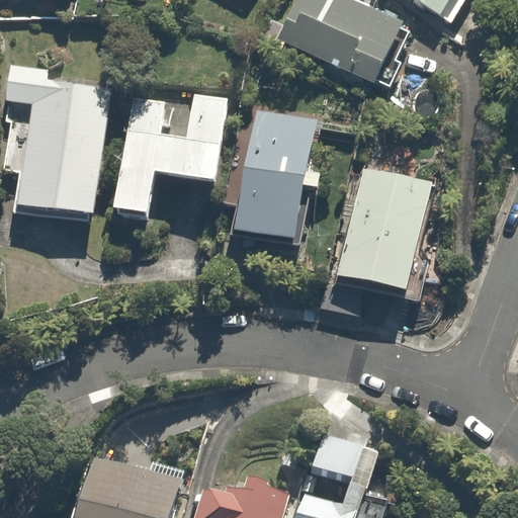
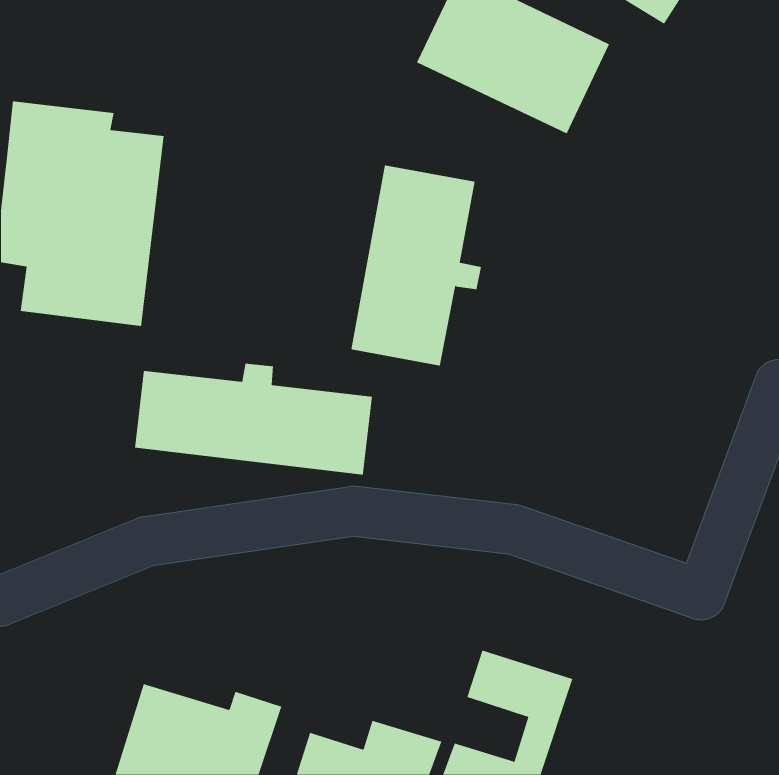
building: [115,95,229,221] -> none
building: [333,169,431,294] -> none
building: none -> [135,363,373,476]

